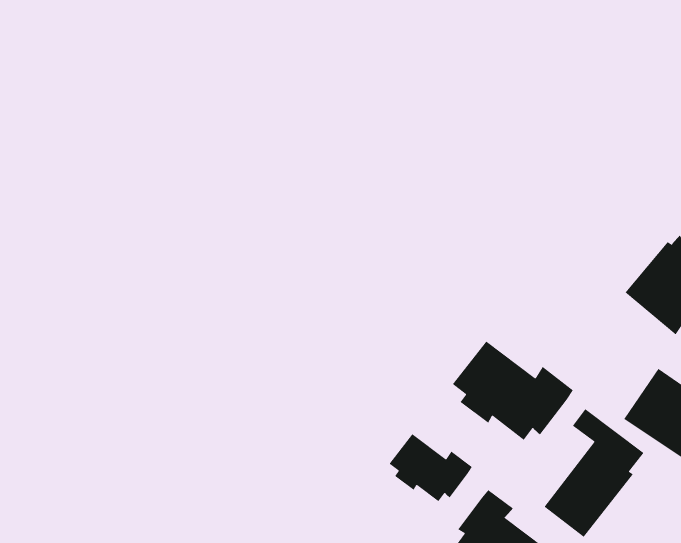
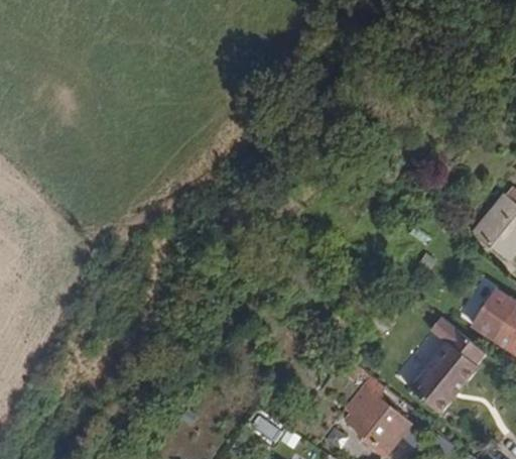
building: [452,340,574,441] -> none
building: [389,433,473,502] -> none

